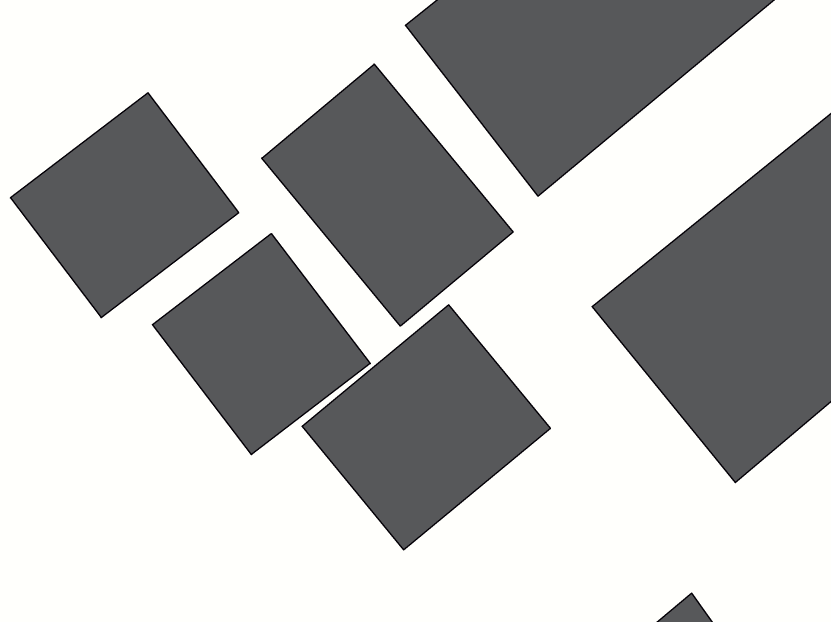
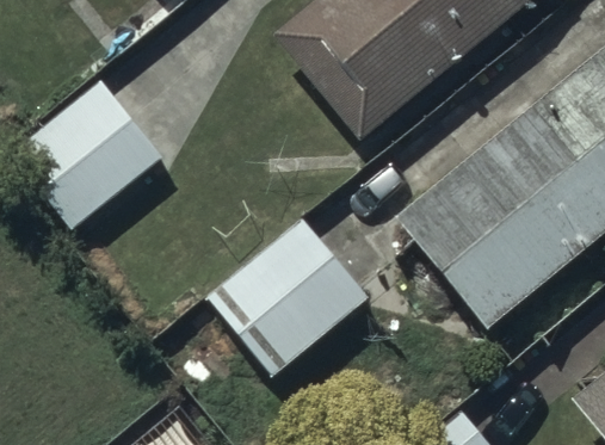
building: [262,64,513,326] -> none
building: [152,234,370,455] -> none

